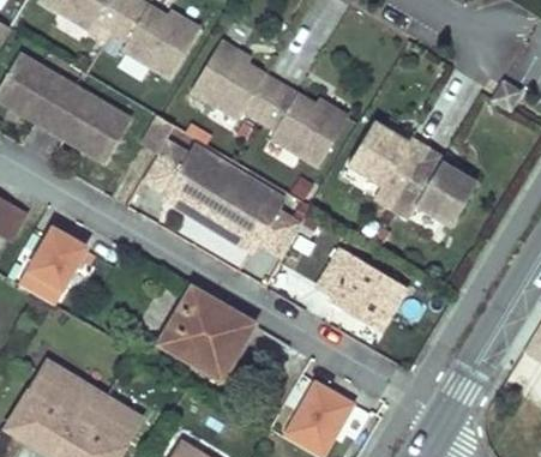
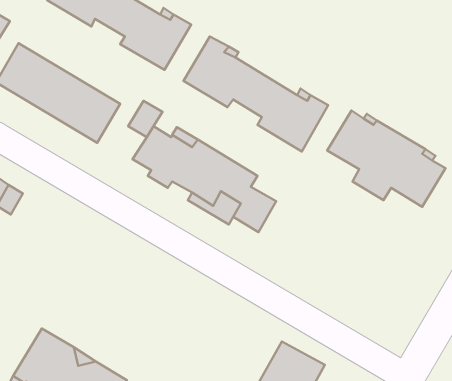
building: [10,221,85,303] -> none
building: [318,248,402,326] -> none
building: [160,287,252,371] -> none

